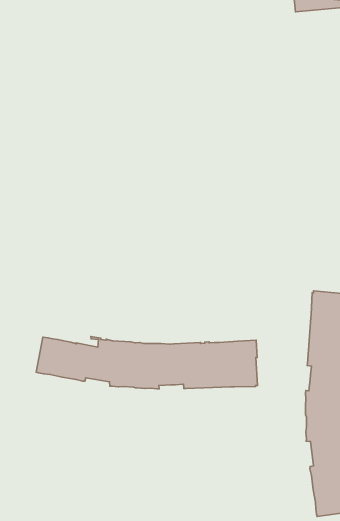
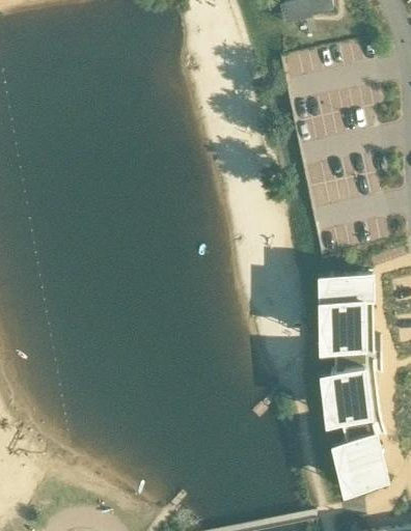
building: [36,337,258,389] -> none

